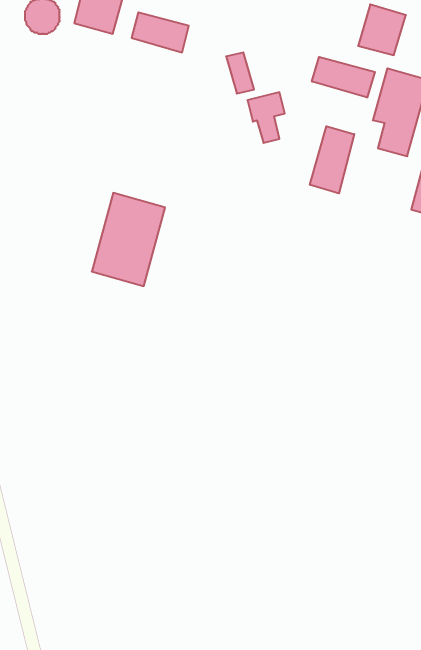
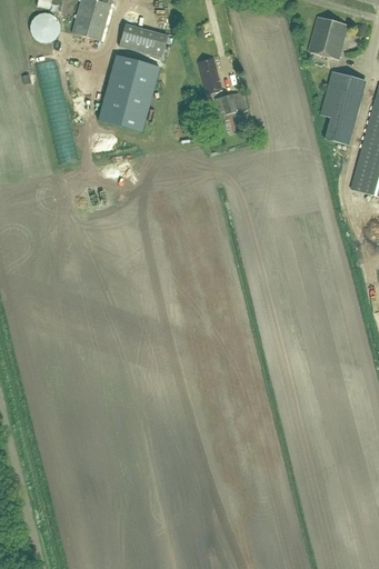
building: [312,57,375,98] -> none
building: [310,126,354,193] -> none
building: [92,193,165,286] -> [98,52,159,130]

